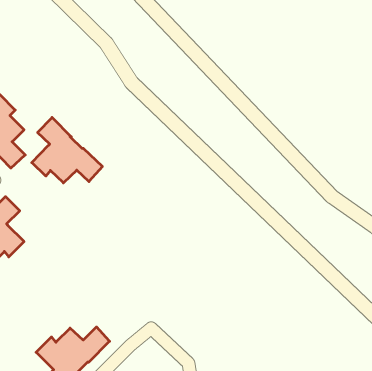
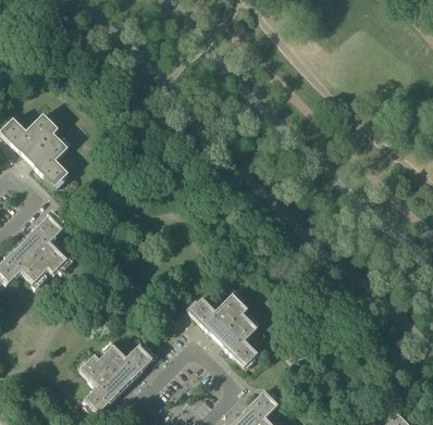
building: [32,117,102,183] -> none
building: none -> [188,292,258,366]

